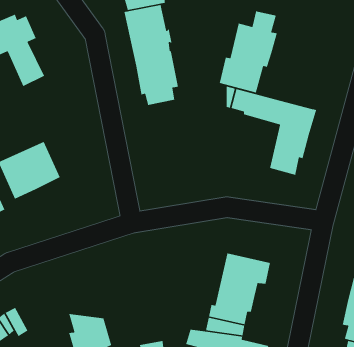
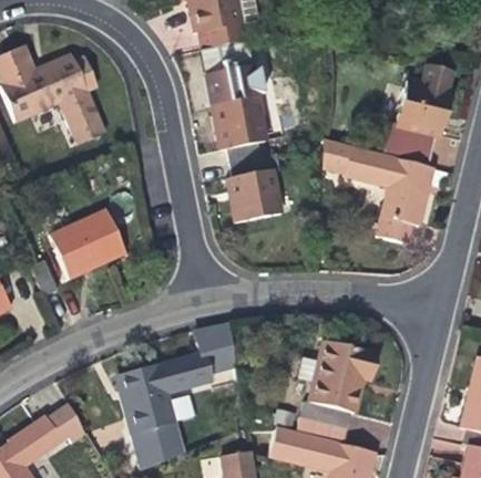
building: [219,11,278,94] -> [381,67,452,167]
building: none -> [226,154,282,224]
building: none -> [122,328,235,418]

